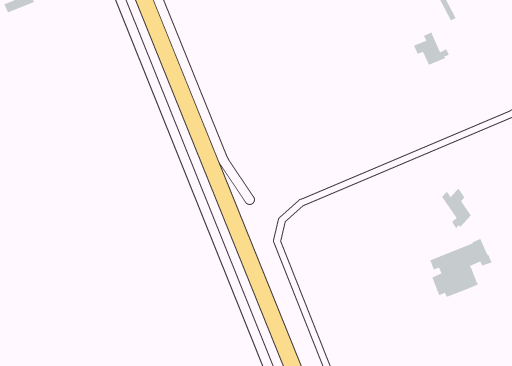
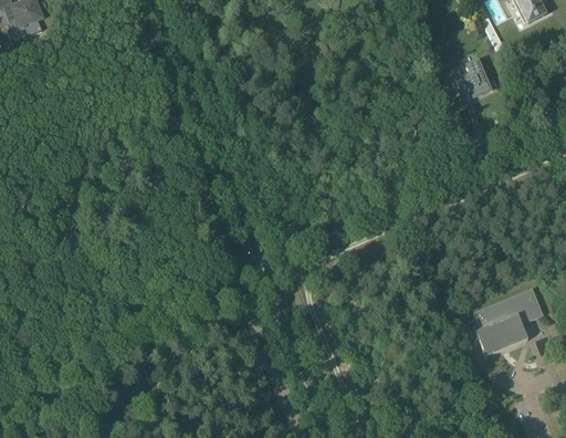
building: [441,188,471,229] -> none

